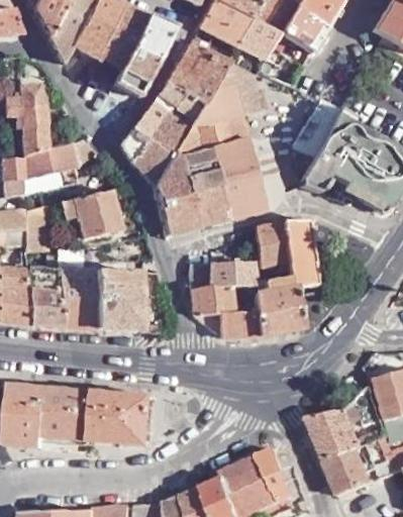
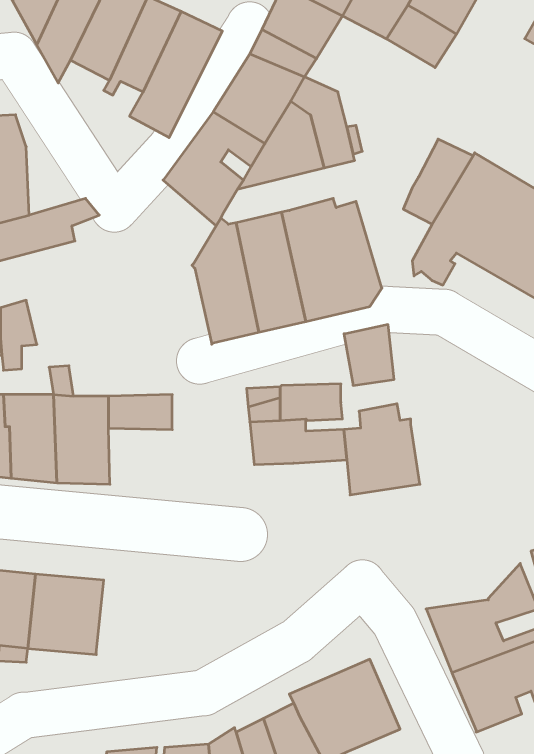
building: [236,18,283,63] -> none
building: [173,119,247,157] -> none
building: [120,127,170,184] -> none
building: [60,191,120,239] -> none
building: [284,220,320,290] -> none
building: [98,292,141,332] -> none
building: [221,313,259,338] -> none
building: [90,393,158,447] -> none

